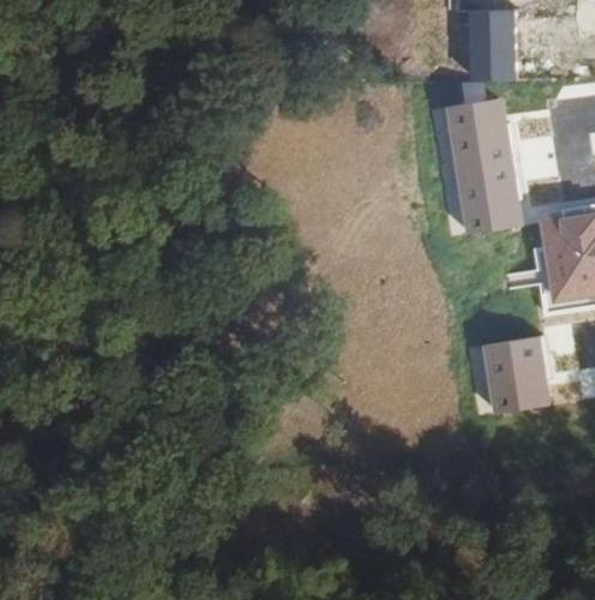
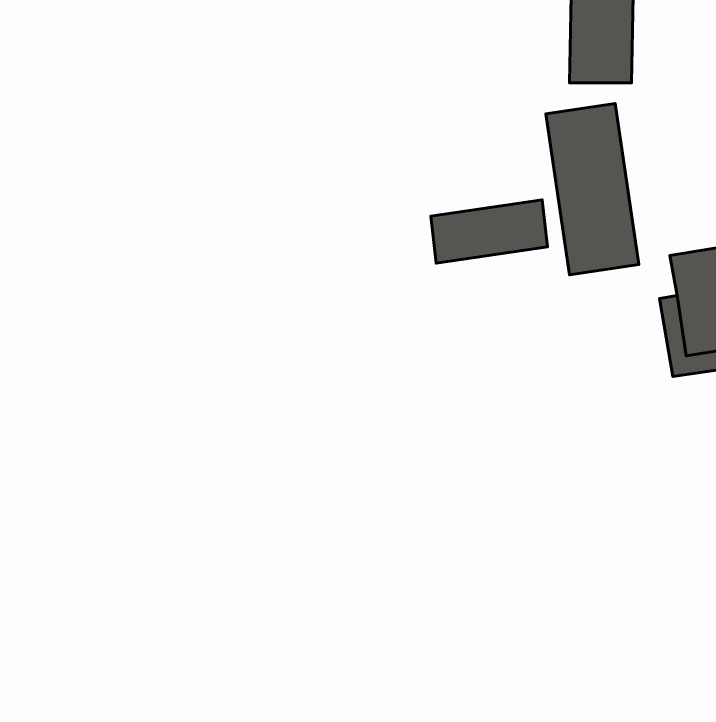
building: none -> [431,200,548,263]
building: [483,334,549,413] -> none

